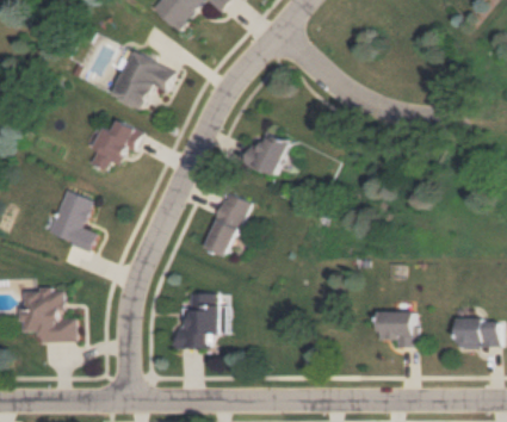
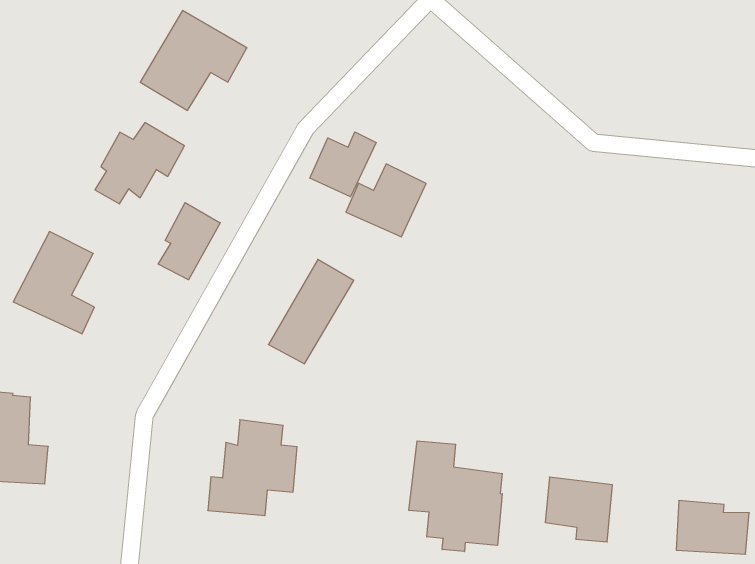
building: none -> [310,132,376,197]
building: none -> [158,203,220,280]
building: none -> [409,441,502,552]

